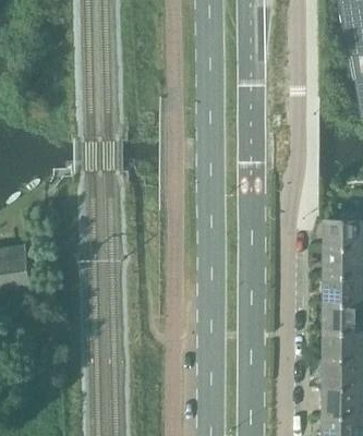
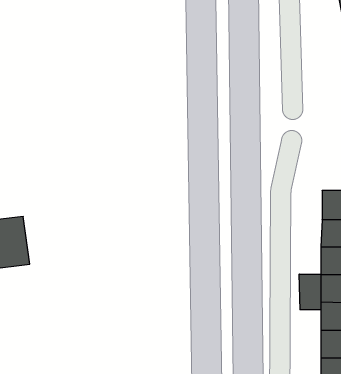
building: none -> [299,274,321,310]

